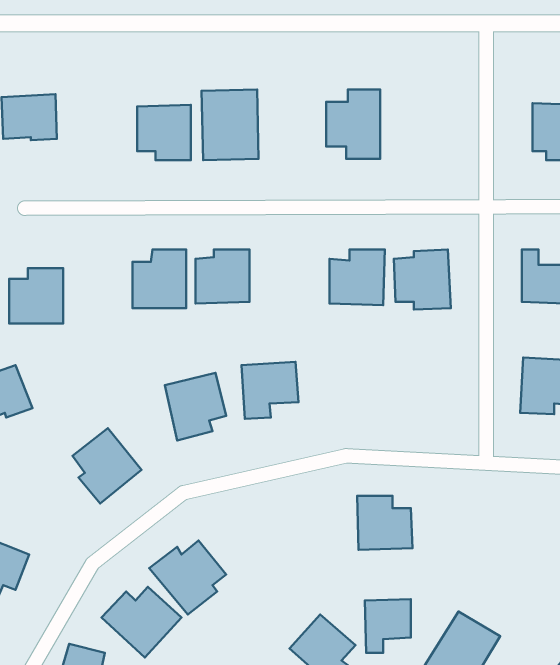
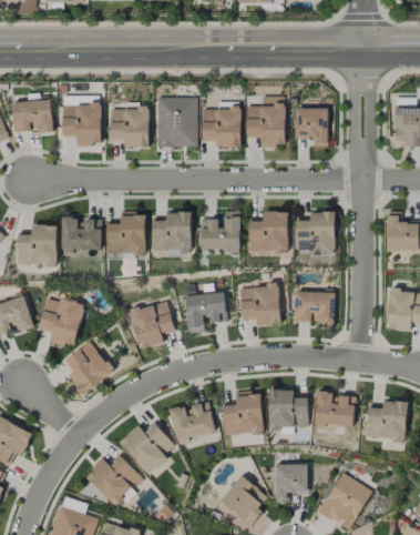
building: none -> [62,99,101,145]
building: none -> [202,108,240,148]
building: none -> [294,108,328,148]
building: none -> [199,211,239,250]
building: none -> [61,216,101,250]
building: none -> [239,285,279,325]
building: none -> [294,292,335,325]
building: none -> [37,297,85,347]
building: none -> [223,392,263,435]
building: none -> [315,394,355,426]
building: none -> [365,400,408,442]
building: none -> [168,402,215,442]

